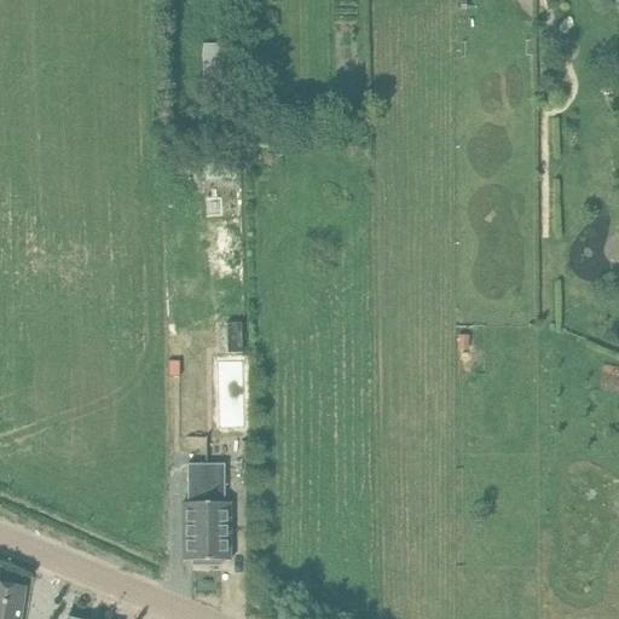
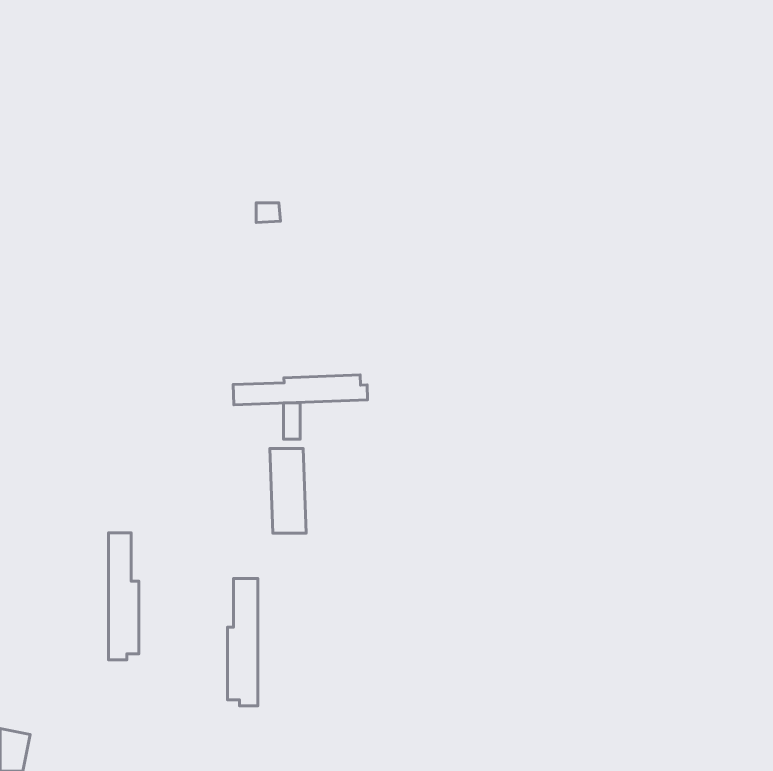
building: none -> [233,375,368,405]
building: [207,462,231,563] -> [109,533,139,660]

